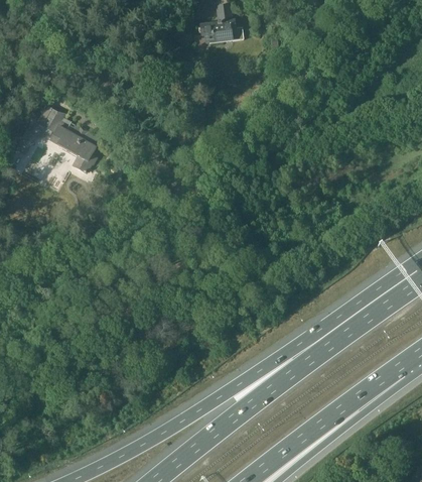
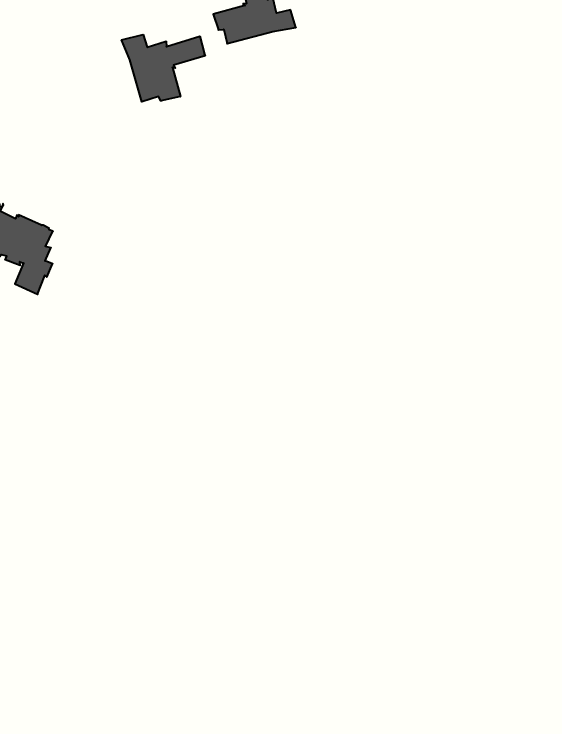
building: none -> [122,35,205,102]

